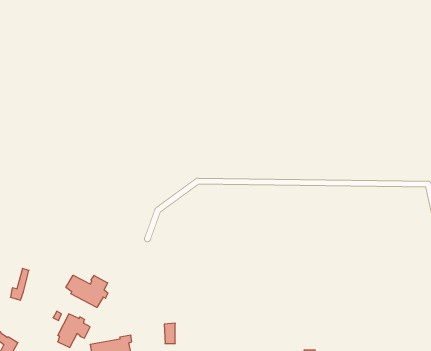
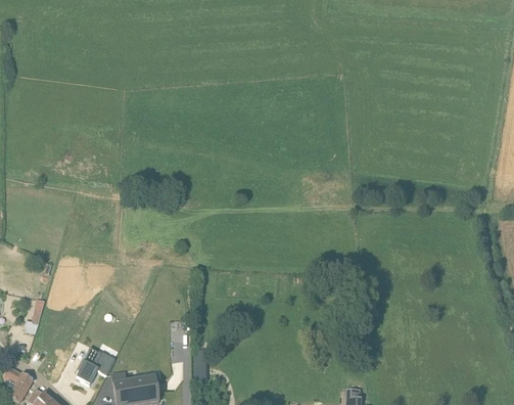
building: [66,275,108,307] -> none

